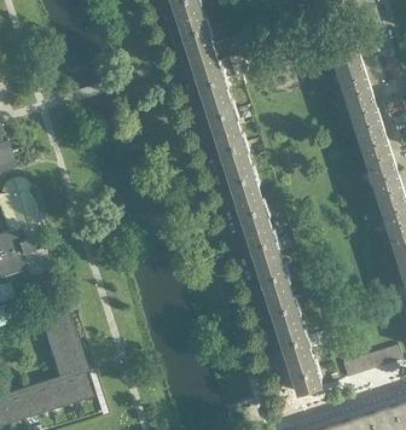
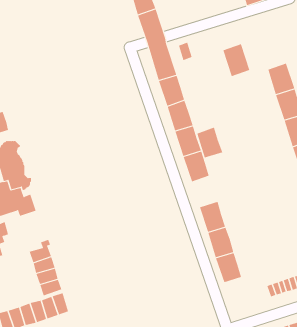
building: [332,47,367,89] -> [223,43,250,77]
building: [246,225,280,265] -> [197,127,223,158]
building: [288,354,321,395] -> none

